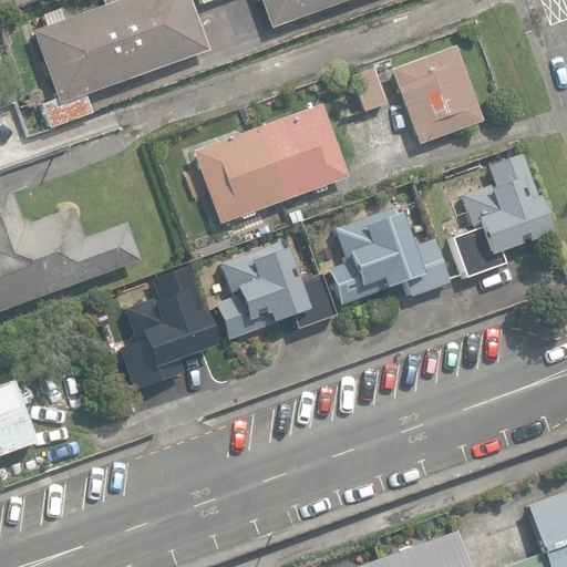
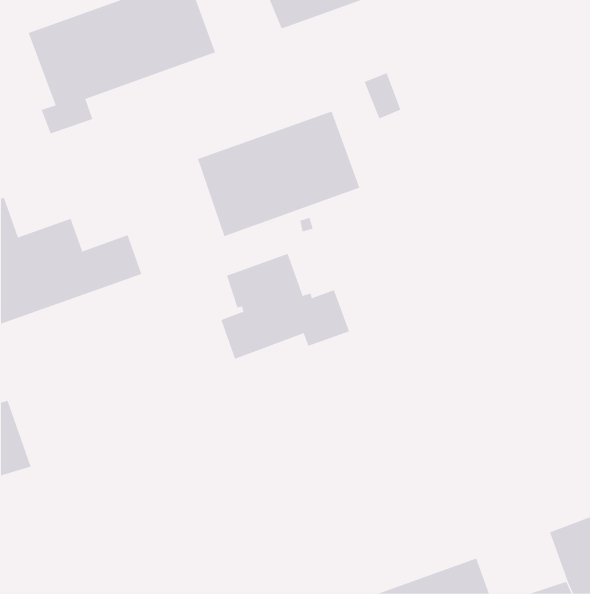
building: [392,45,483,145] -> none
building: [452,152,553,277] -> none
building: [329,205,449,306] -> none
building: [127,265,217,383] -> none

